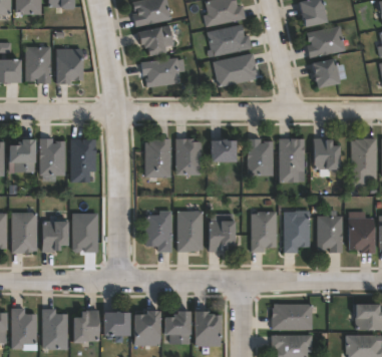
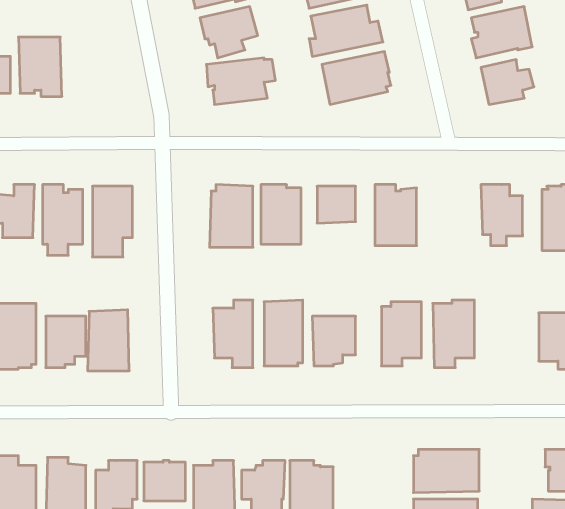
building: [56,47,82,82] -> none
building: [279,137,304,182] -> none
building: [317,216,342,252] -> none

